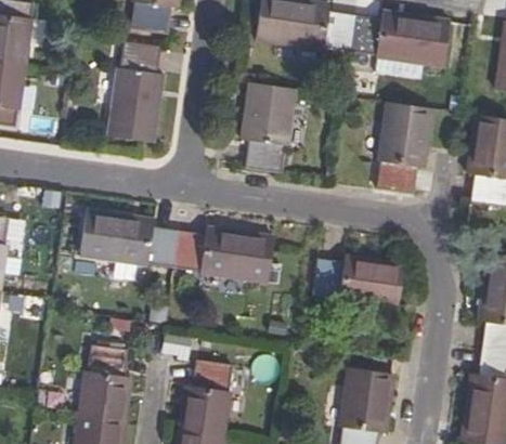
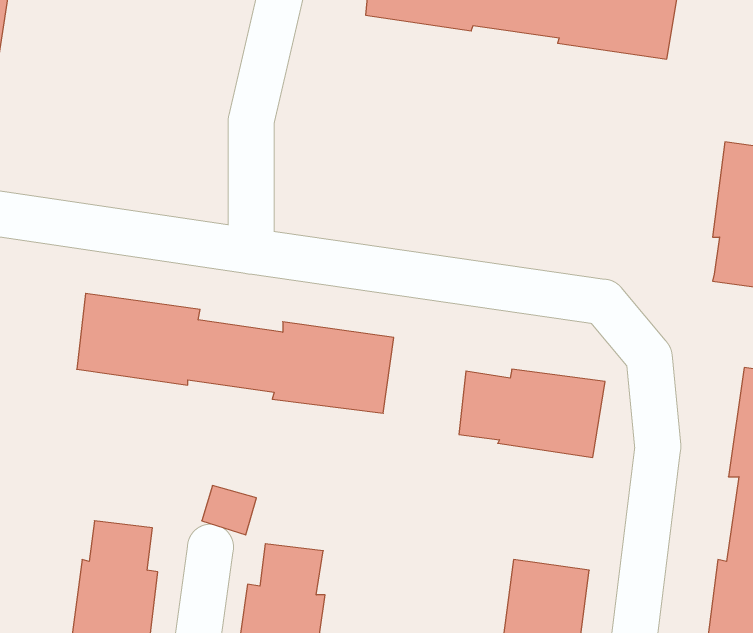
building: [111,36,167,136] -> none
building: [239,83,295,172] -> none
building: [377,103,432,194] -> none

